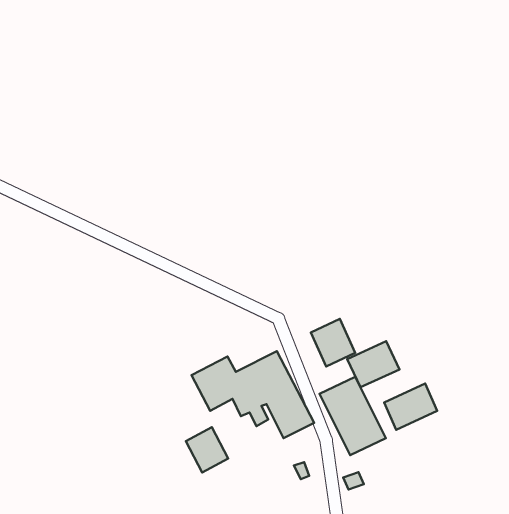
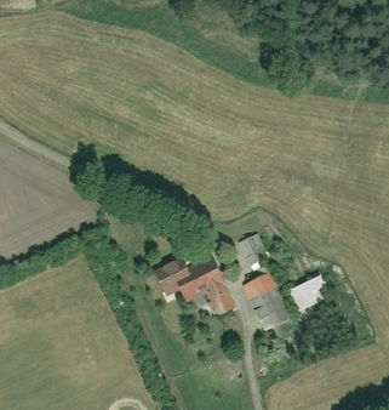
building: [347,341,399,387] -> none
building: [186,427,228,473] -> none

